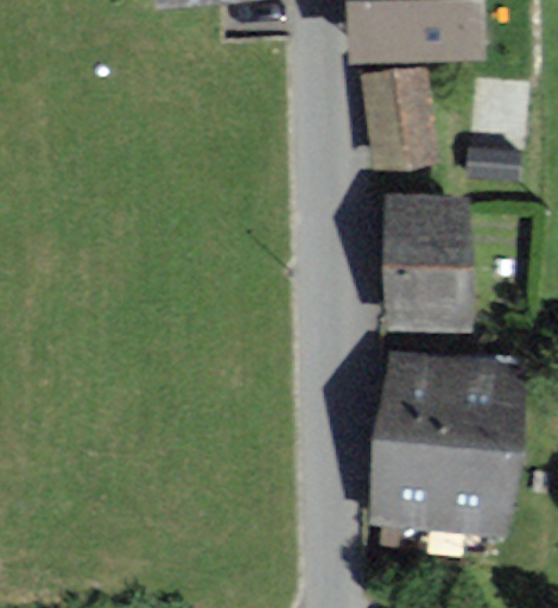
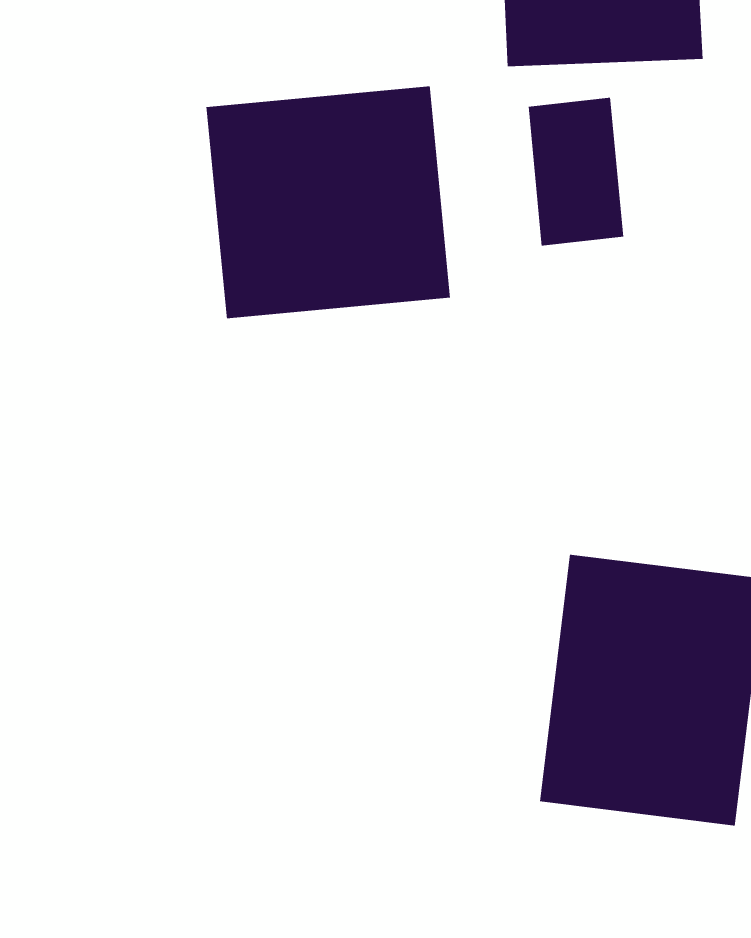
building: none -> [206,85,451,319]
building: [393,192,467,319] -> none

